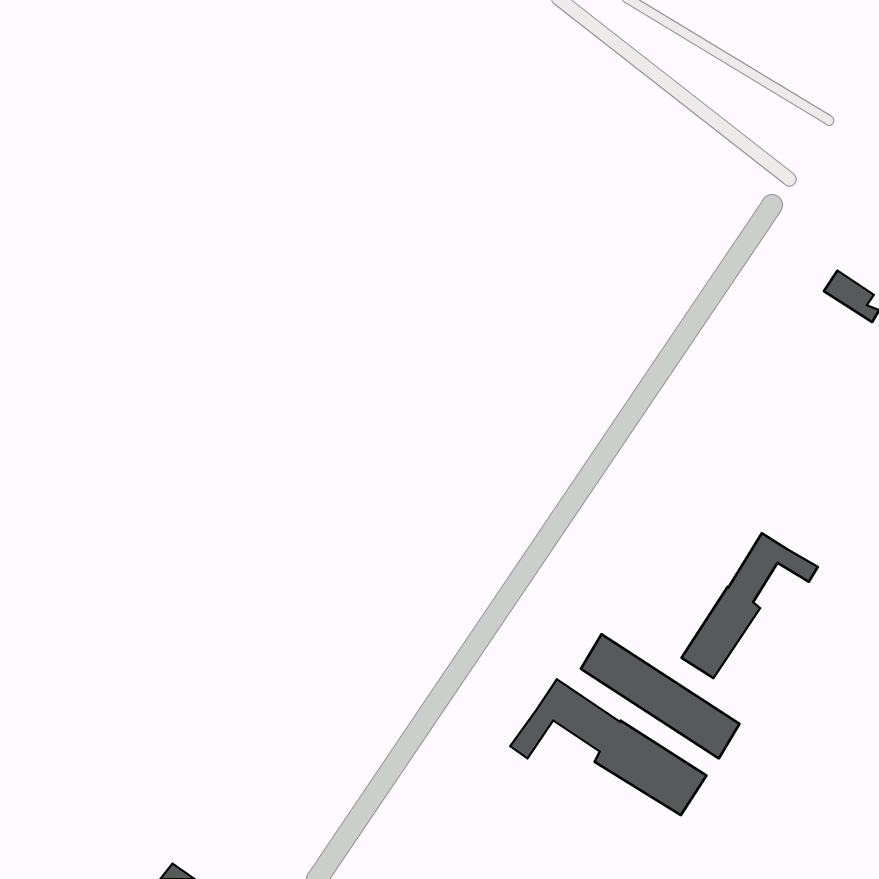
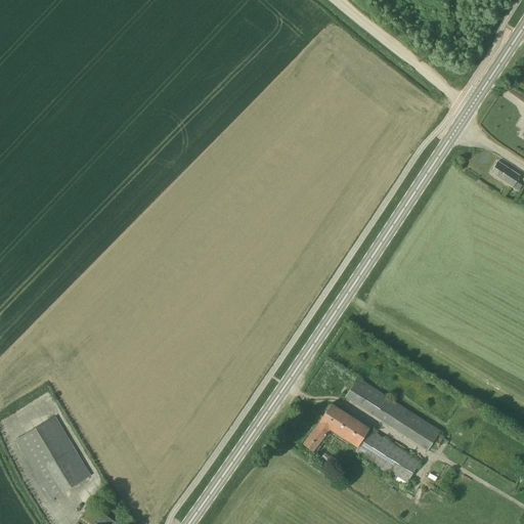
building: [682,533,818,678] -> none
building: none -> [16,416,91,498]

